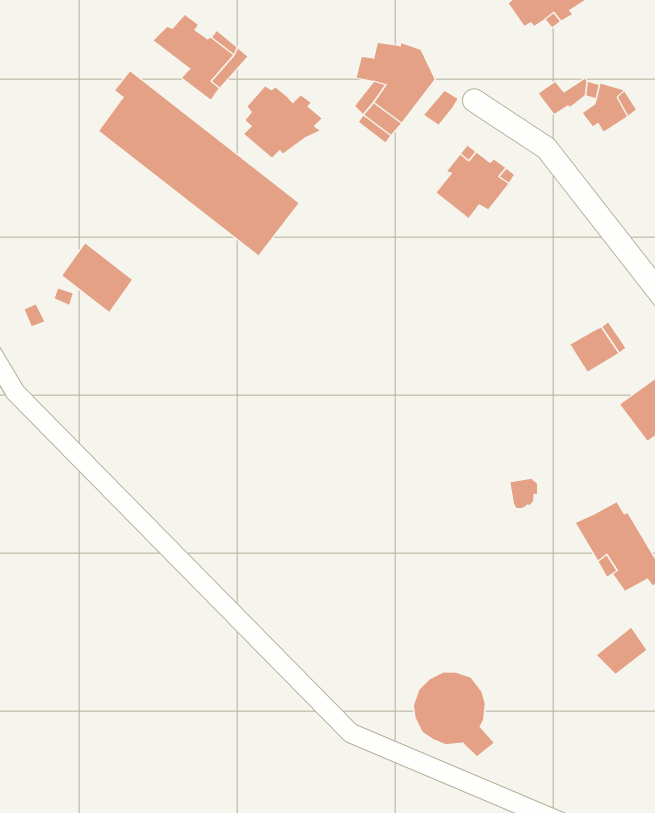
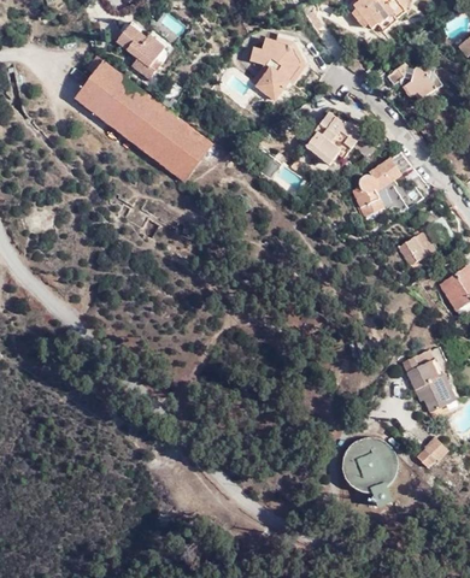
building: [243,85,323,159] -> none
building: none -> [349,153,411,226]
building: [61,242,133,313] -> none
building: [413,672,494,757] -> [343,437,399,495]

